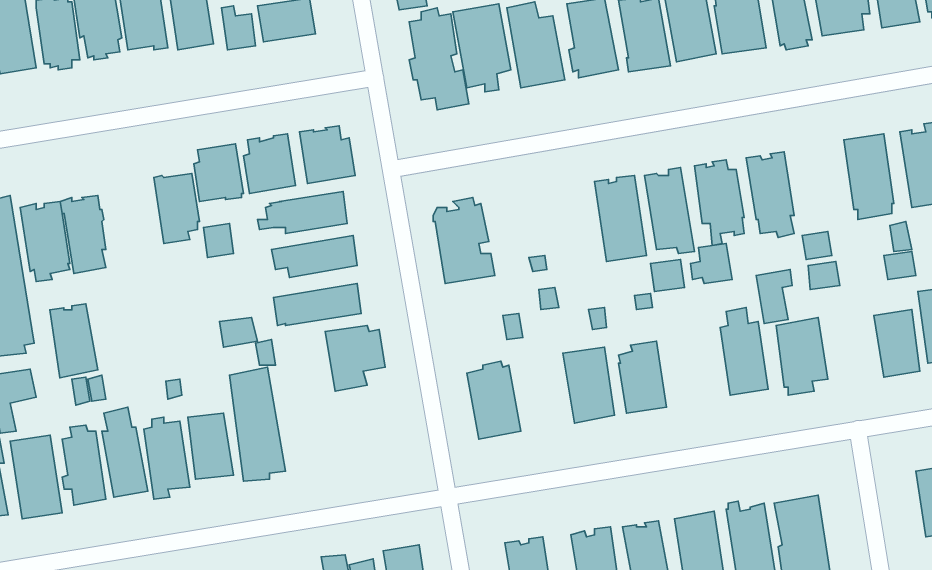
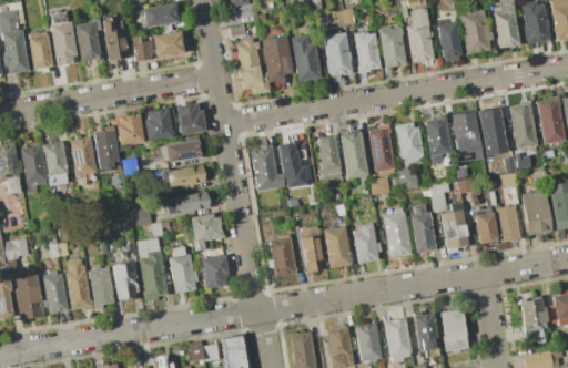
building: none -> [453,111,479,151]
building: none -> [318,135,342,180]
building: none -> [278,142,302,187]
building: [50,304,98,378] -> [70,136,97,177]
building: none -> [383,207,412,257]
building: none -> [474,207,498,245]
building: none -> [300,225,323,272]
building: none -> [169,246,199,294]
building: none -> [201,255,227,288]

